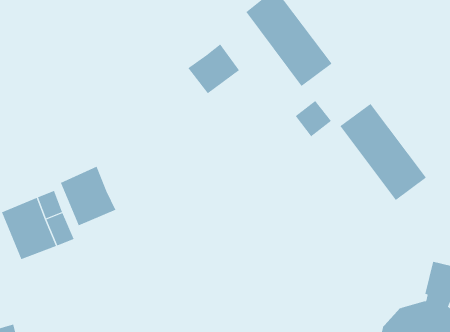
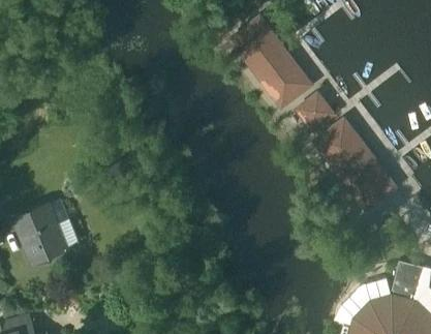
building: [188,44,240,94] -> none
building: [295,100,332,137] -> [299,94,332,127]
building: [60,166,116,226] -> none

